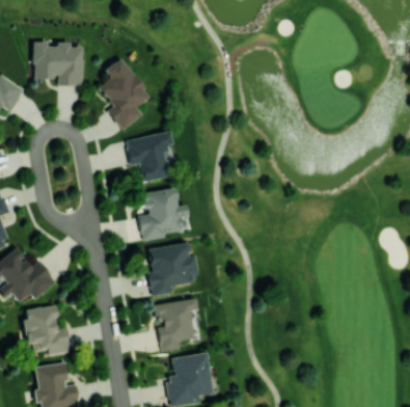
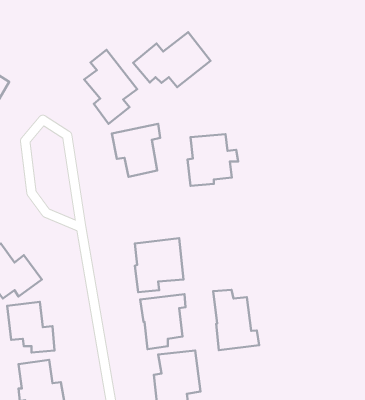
building: none -> [133,32,210,87]
building: [34,43,83,86] -> none
building: [139,189,189,240] -> [187,134,238,186]
building: none -> [213,290,259,350]

